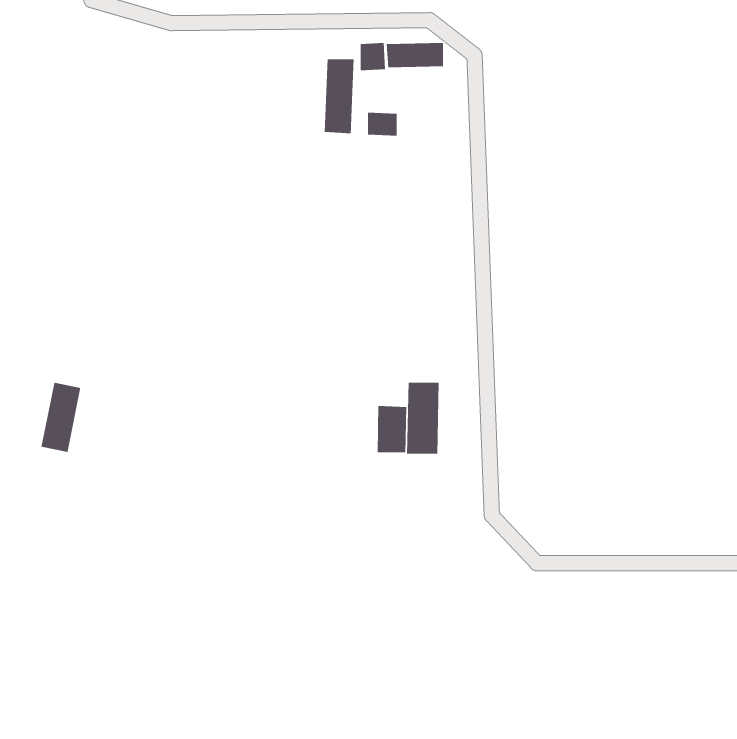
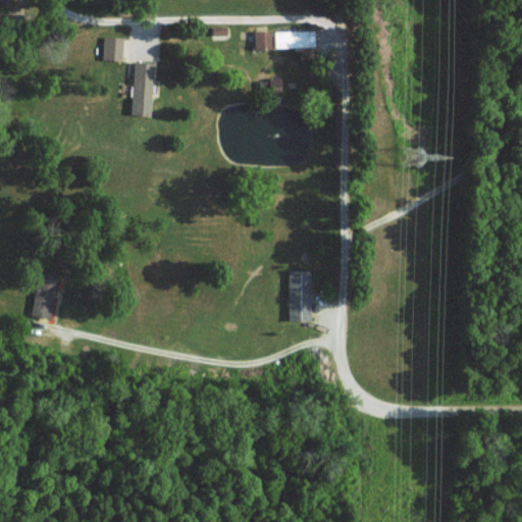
building: none -> [104,39,124,62]
building: [324,59,354,134] -> [133,64,154,117]
building: [377,405,407,453] -> none

